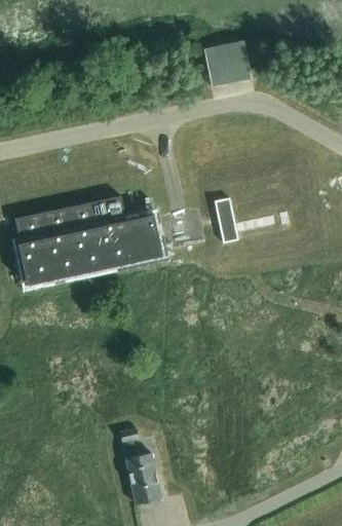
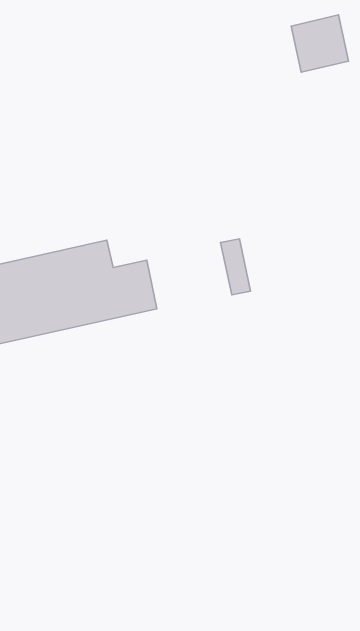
building: [204,40,252,87] -> [291,15,349,72]
building: [119,429,162,505] -> none

